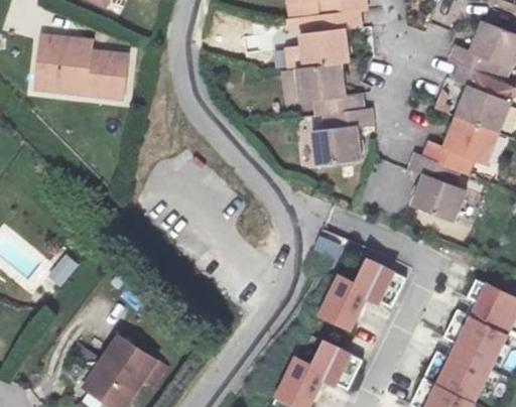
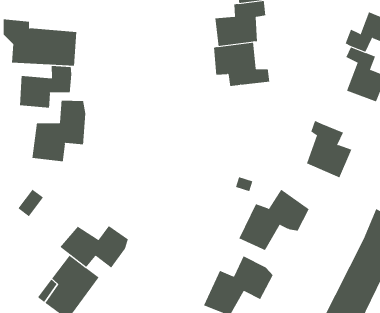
building: none -> [19,65,72,108]
building: [306,116,364,177] -> none
building: [423,128,491,179] -> none
building: none -> [32,100,86,162]
building: none -> [60,225,129,269]

